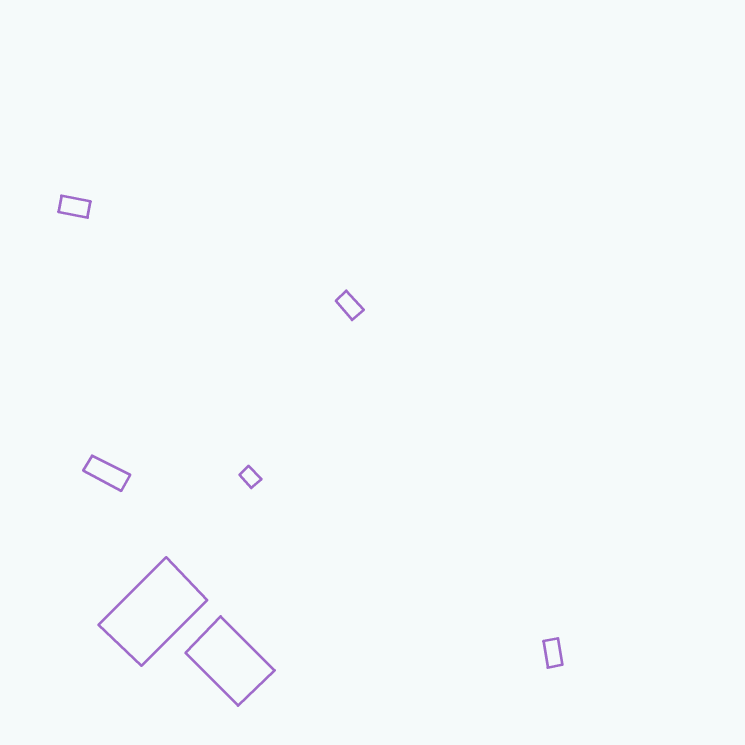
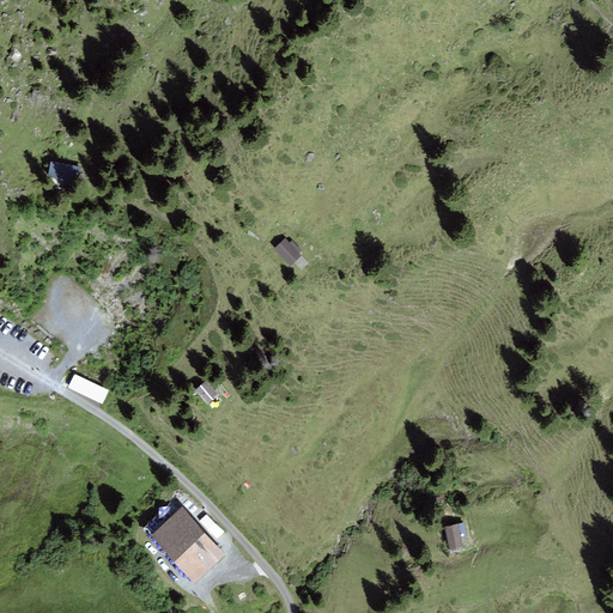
building: [99,557,207,666] -> none

